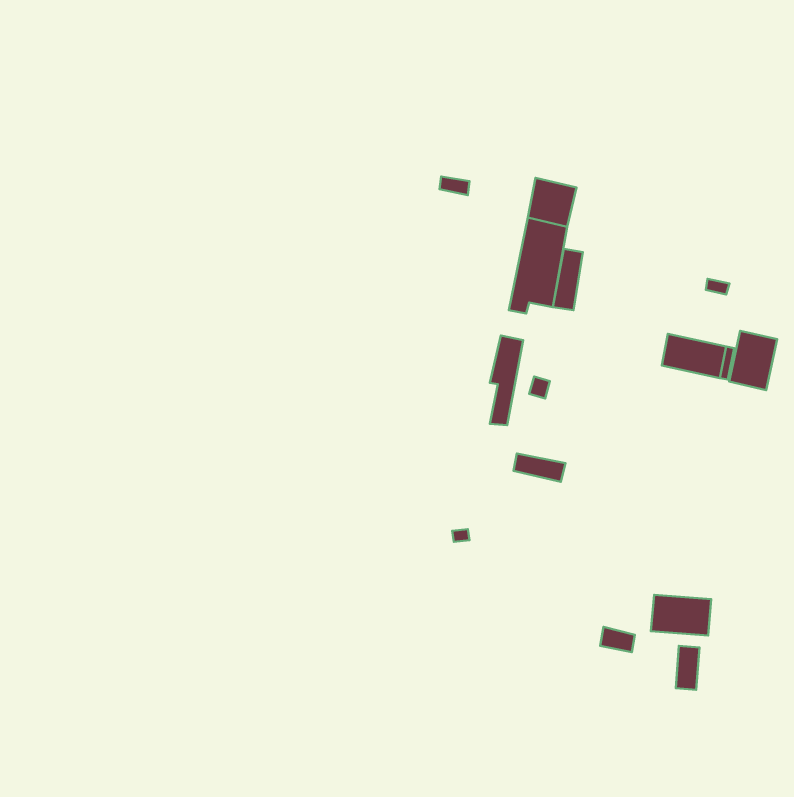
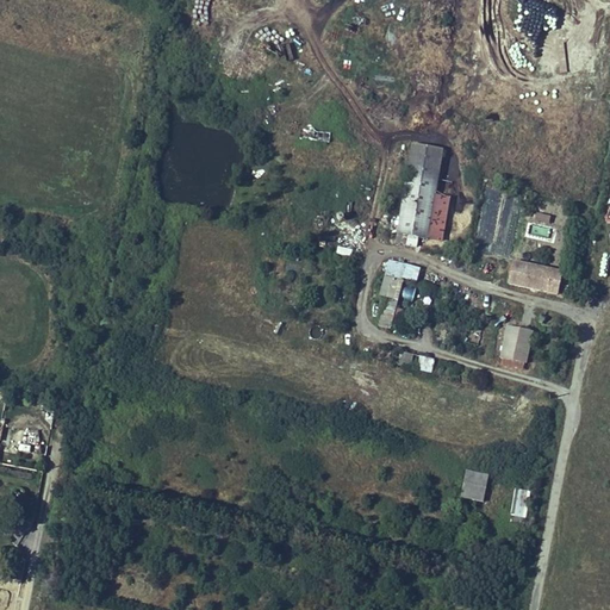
building: [729,331,777,390] -> none
building: none -> [500,322,534,362]
building: [651,595,711,635] -> none

